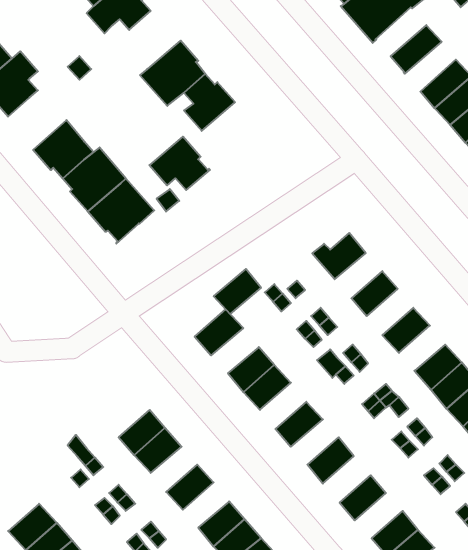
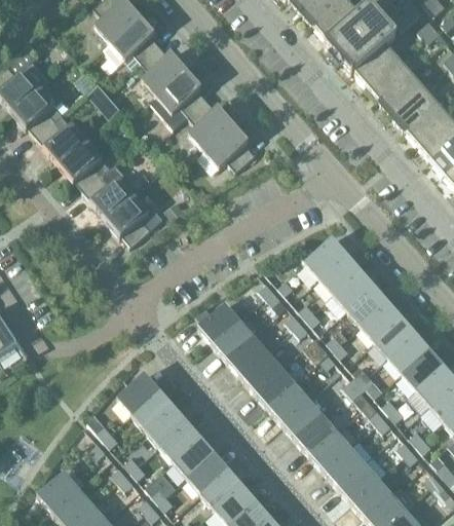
building: none -> [354,42,399,84]
building: none -> [142,45,186,96]
building: none -> [380,72,424,115]
building: none -> [37,114,87,165]
building: [149,137,210,190] -> [204,124,257,171]
building: none -> [319,255,361,294]
building: [214,269,261,314] -> [213,320,254,359]
building: none -> [347,286,387,326]
building: none -> [375,317,415,356]
building: none -> [255,367,295,407]
building: none -> [118,373,159,414]
building: none -> [281,399,323,438]
building: none -> [160,422,200,461]
building: none -> [309,430,350,471]
building: none -> [188,453,228,492]
building: none -> [337,462,378,501]

